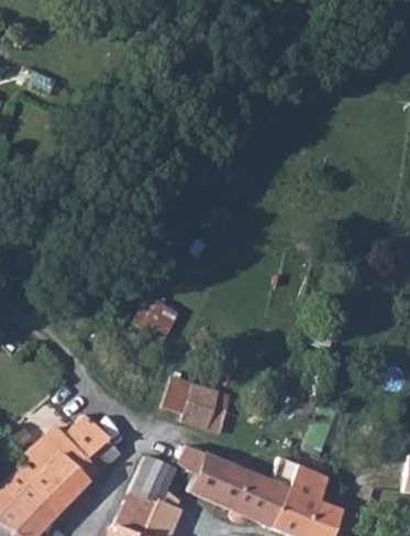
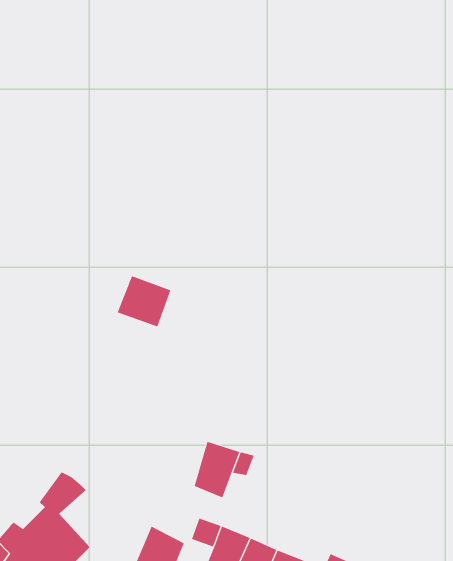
building: [130,298,175,341] -> [117,275,171,327]
building: [73,424,124,475] -> none

